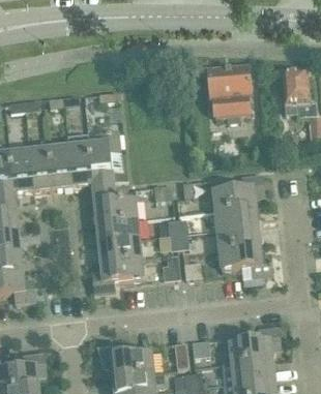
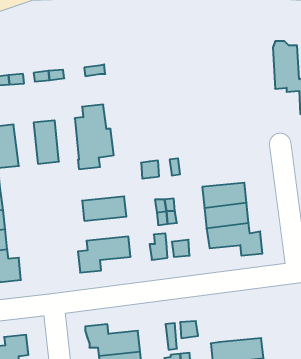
building: [207,66,251,118] -> none
building: [67,133,93,186] -> none
building: [29,148,53,190] -> none
building: [212,176,265,211] -> none
building: [93,191,138,224] -> none
building: [98,240,142,264] -> none
building: [229,329,281,363] -> none

